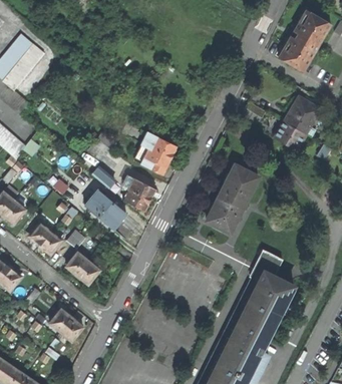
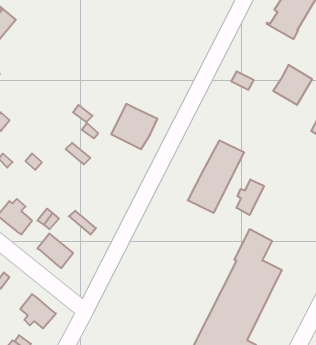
building: [275,120,310,150] -> none
building: [123,175,155,211] -> none
building: [84,189,126,229] -> none
building: none -> [236,179,264,215]

